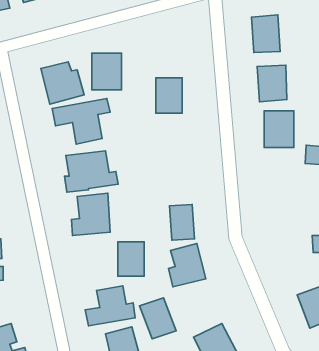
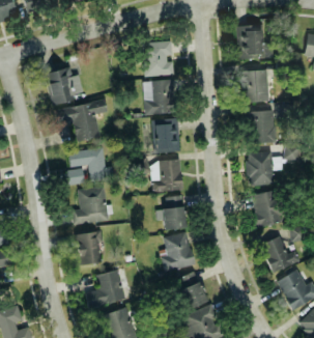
building: [92,53,121,90] -> [145,43,172,76]
building: none -> [153,120,178,152]
building: none -> [249,152,273,186]
building: none -> [152,160,182,192]
building: none -> [252,190,285,228]
building: [118,242,144,276] -> [78,233,102,264]
building: none -> [262,236,292,273]
building: [140,298,176,339] -> [173,273,206,310]

